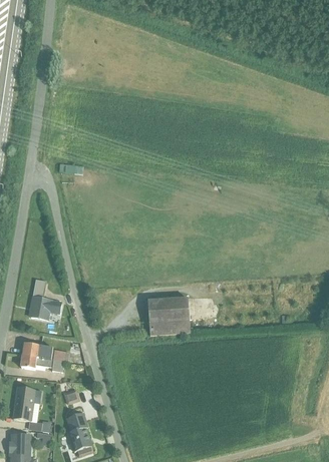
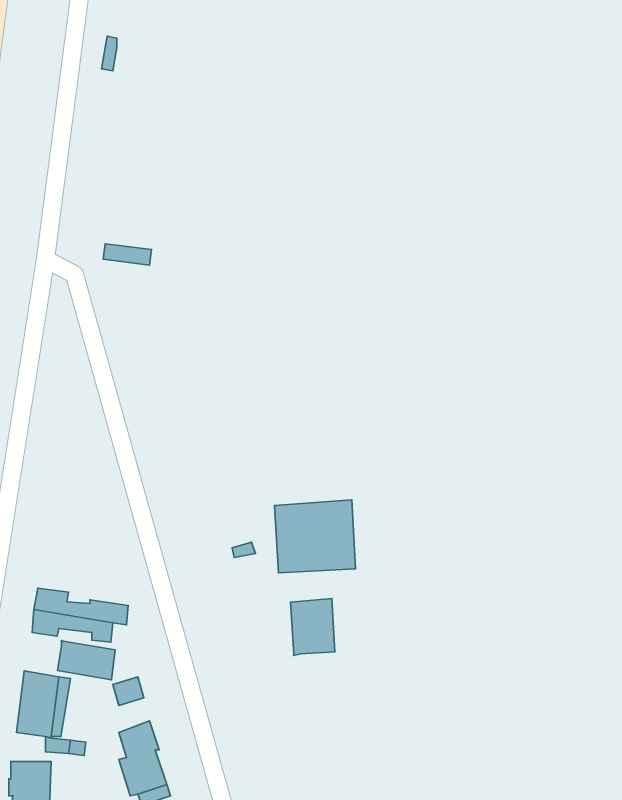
building: [29,280,60,320] -> none
building: none -> [291,598,335,655]
building: none -> [58,641,115,680]

